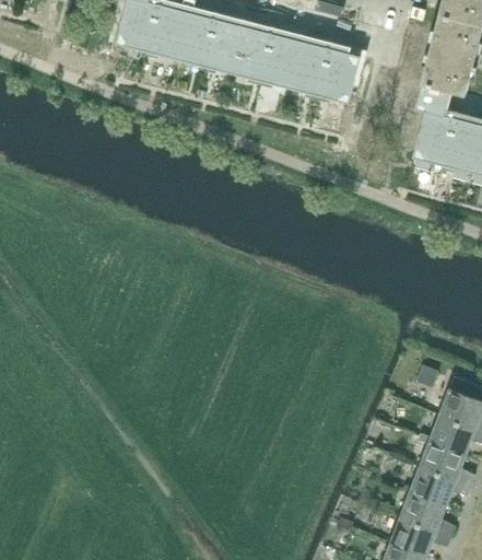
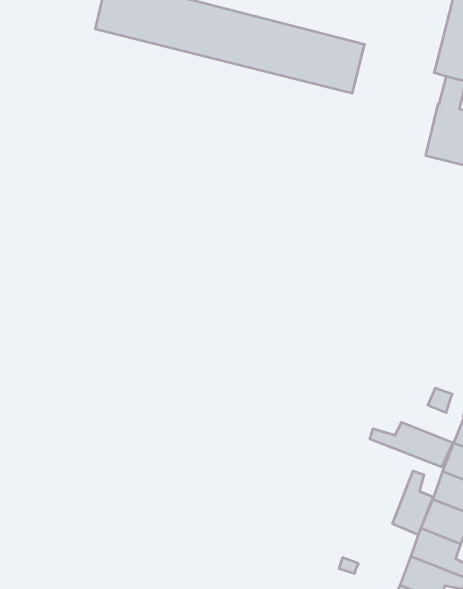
building: none -> [370,422,453,467]
building: none -> [393,471,433,535]

